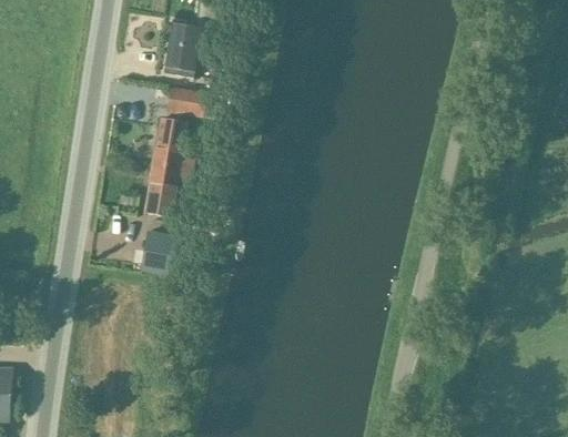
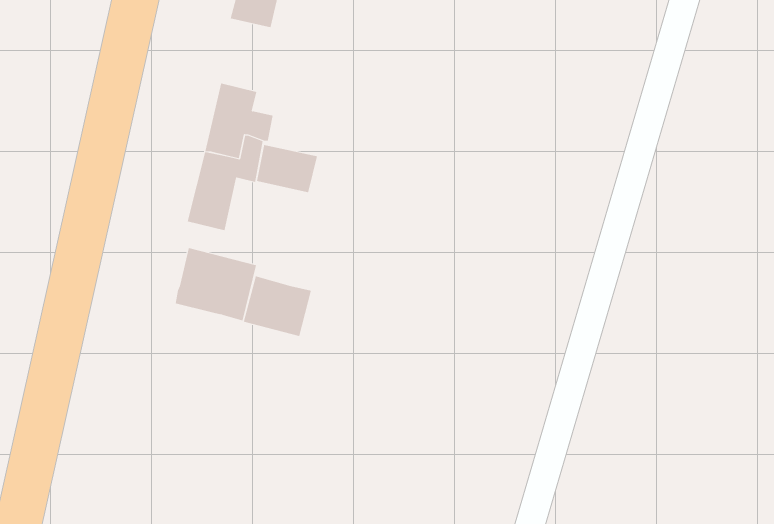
building: [165,85,206,116] -> [256,144,318,193]
building: none -> [243,276,312,337]

